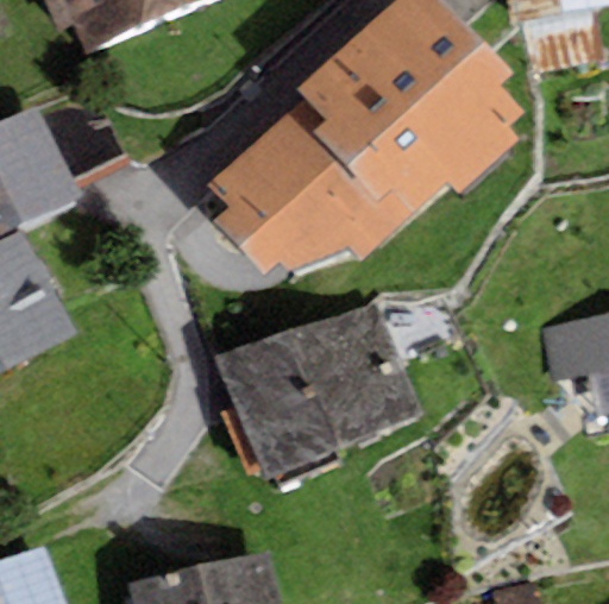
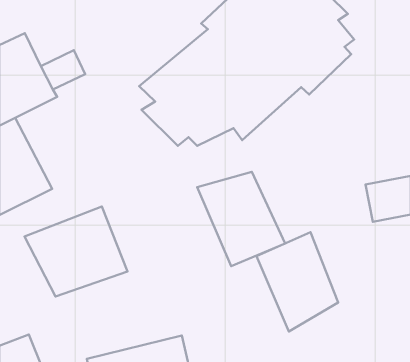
building: [216,331,341,474] -> none
building: none -> [25,207,127,297]
building: none -> [256,232,338,331]

